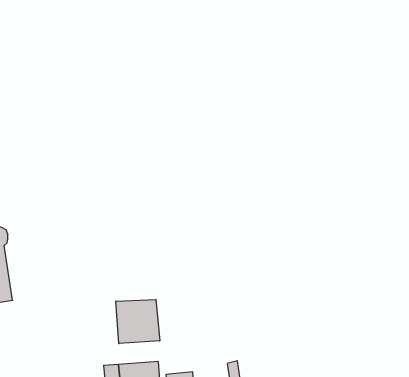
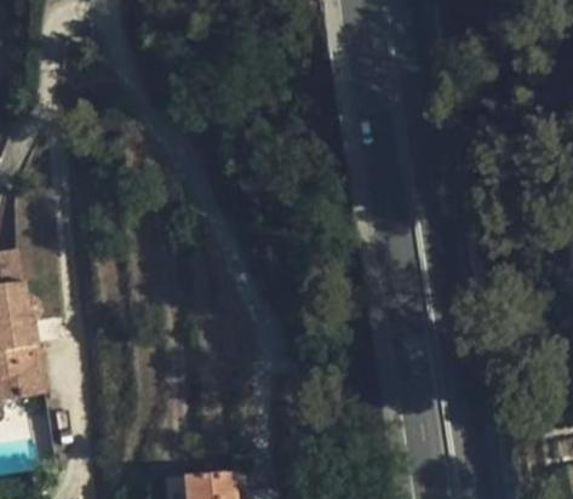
building: [116,299,160,344] -> none

